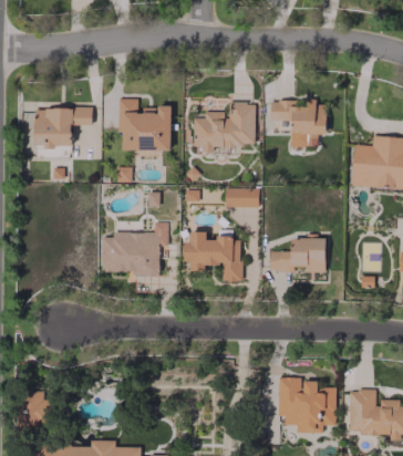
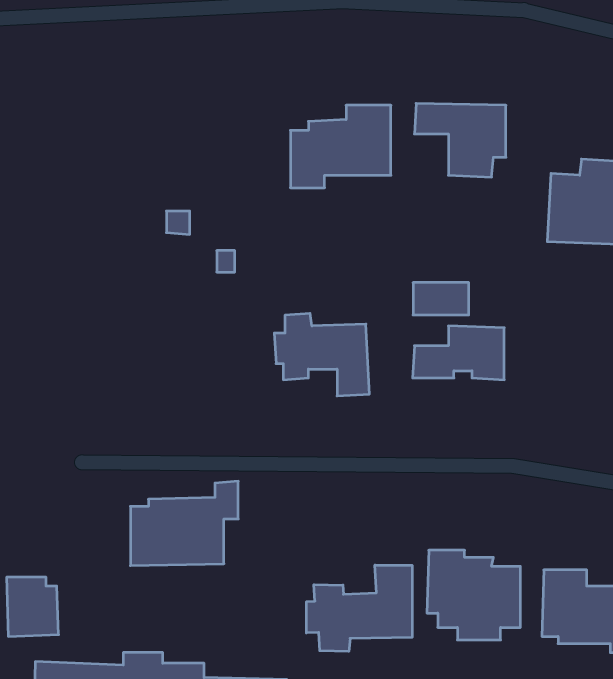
building: [118,97,172,149] -> none
building: [35,107,92,145] -> none
building: [225,187,259,207] -> [413,283,469,315]
building: [102,221,168,273] -> [130,481,238,566]
building: none -> [306,565,412,651]

